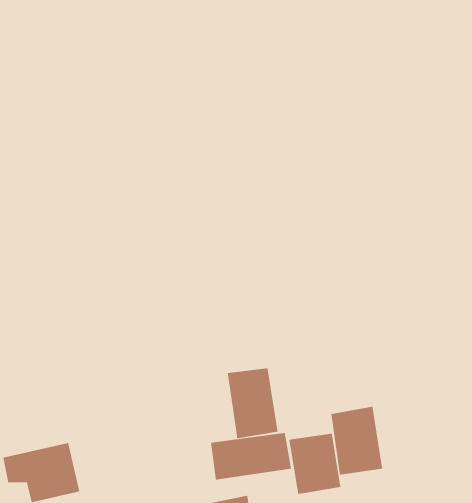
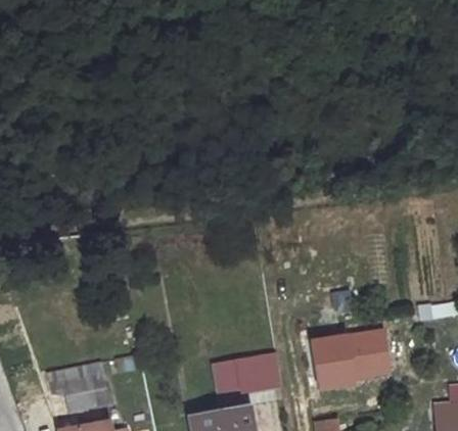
building: [227,367,278,439] -> none
building: [289,433,341,495] -> [348,329,391,379]

